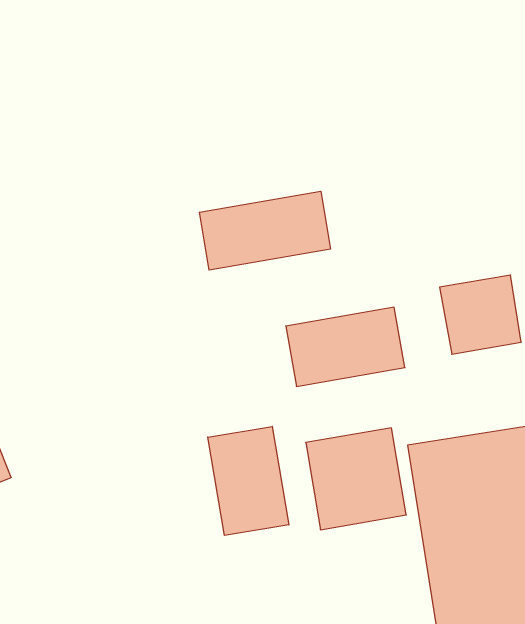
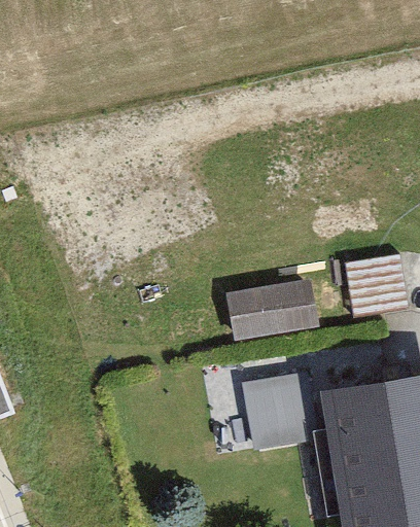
building: [199,191,330,270] -> none
building: [208,426,289,535] -> none

